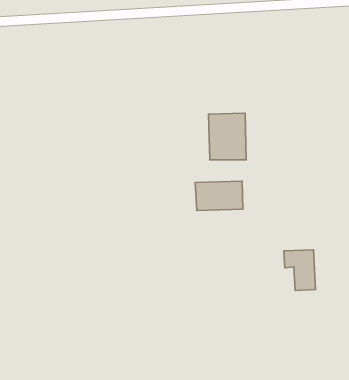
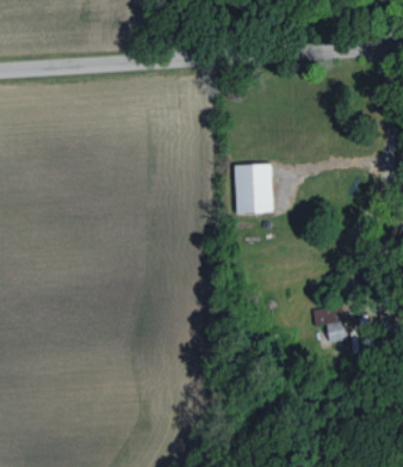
building: [195,181,243,210] -> none

